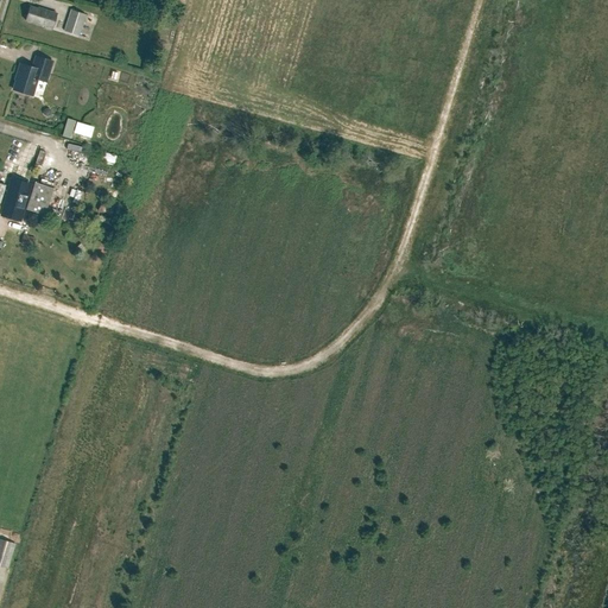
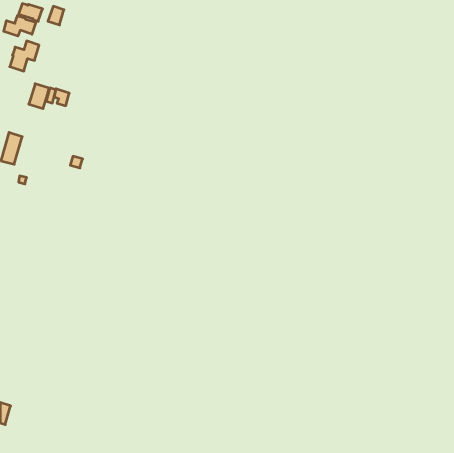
building: none -> [4,16,36,36]
building: [25,180,52,214] -> [29,84,49,109]

